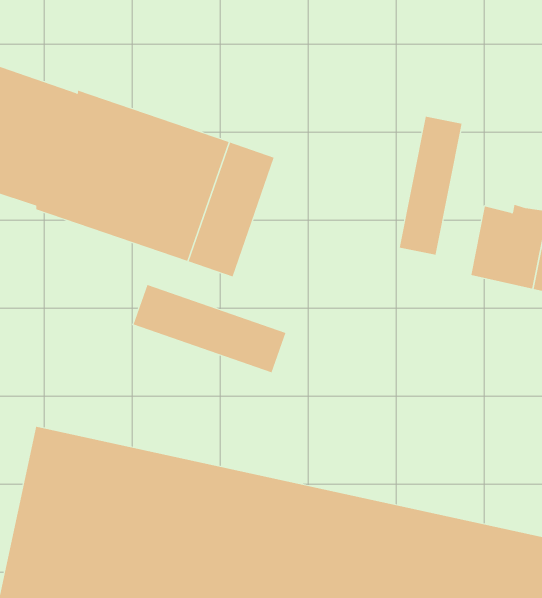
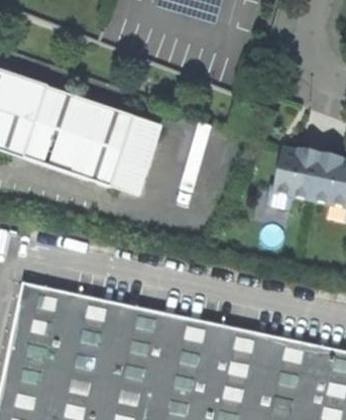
building: [399,116,462,256] -> none
building: [133,284,286,373] -> none

